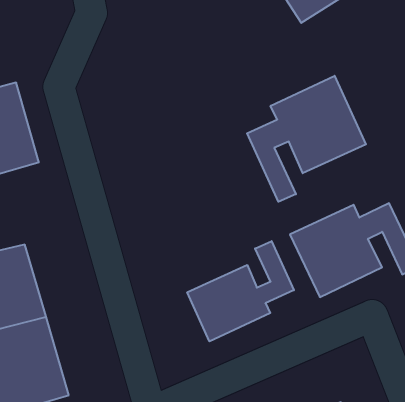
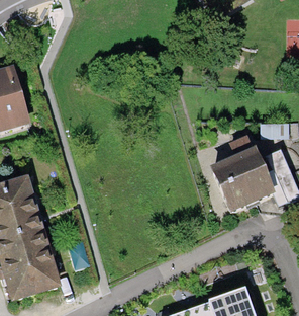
building: [247,76,366,202] -> none
building: [187,241,294,341] -> none

